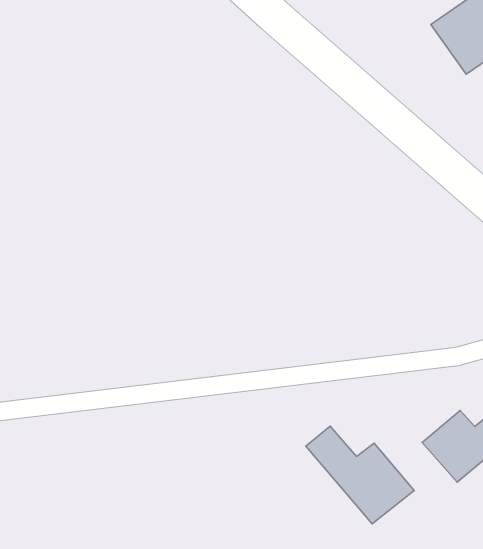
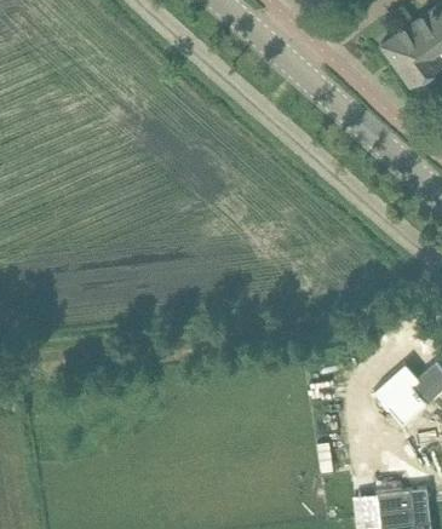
building: [306,426,414,524] -> none

